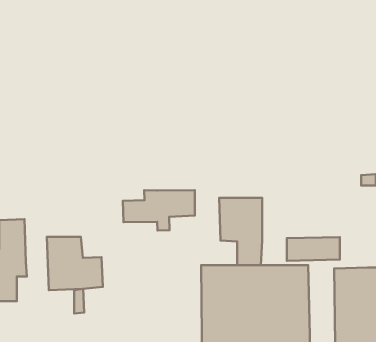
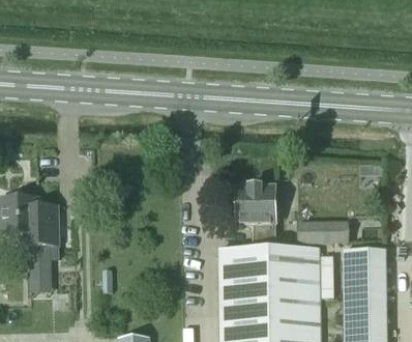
building: [123,190,195,231] -> none
building: [47,237,103,290] -> none

